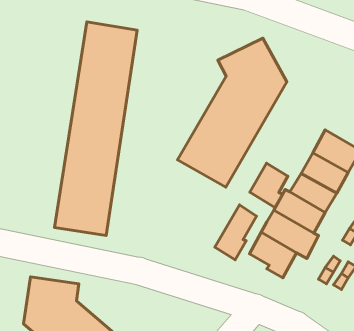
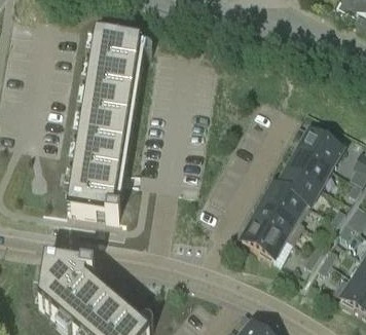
building: [178,38,287,187] -> none
building: [250,163,288,207] -> none
building: [215,205,257,260] -> none

